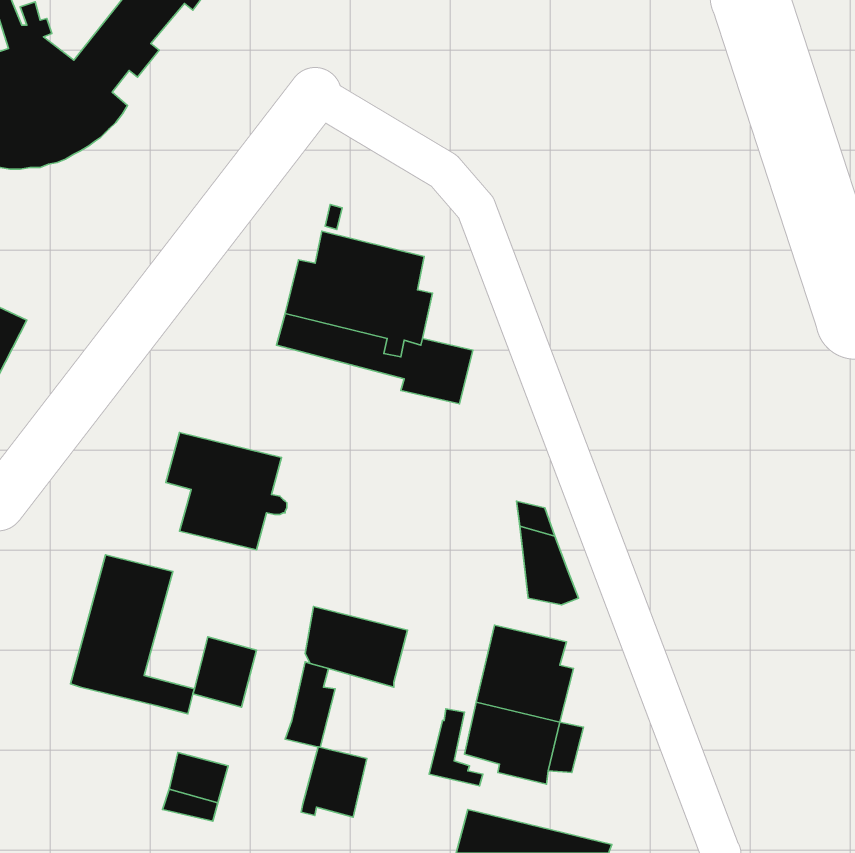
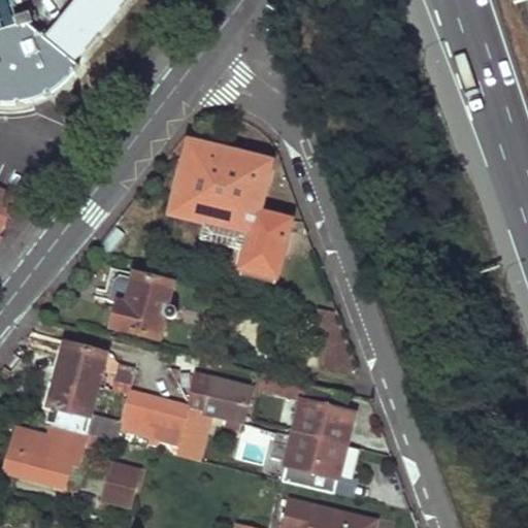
building: none -> [240,240,283,277]
building: none -> [4,423,96,487]
building: [301,747,367,817] -> [147,400,188,443]

